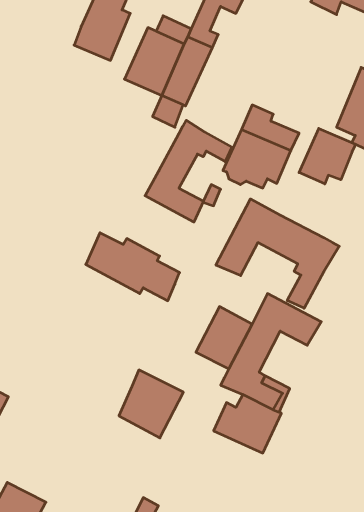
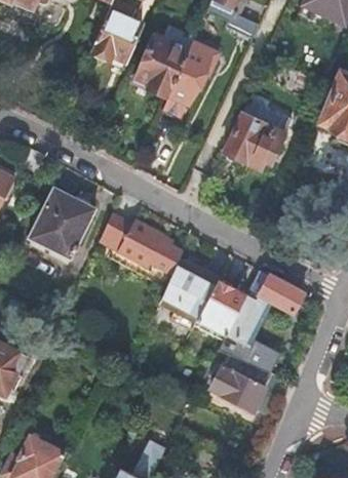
building: [145,120,232,222] -> none
building: [299,128,355,184] -> none
building: none -> [32,187,98,255]
building: [216,199,339,308] -> none
building: [119,370,183,438] -> [160,262,217,321]

